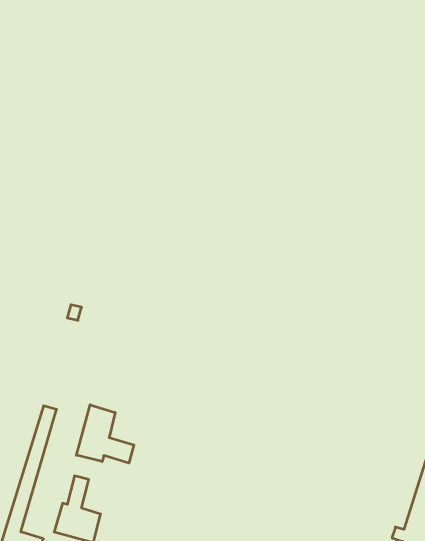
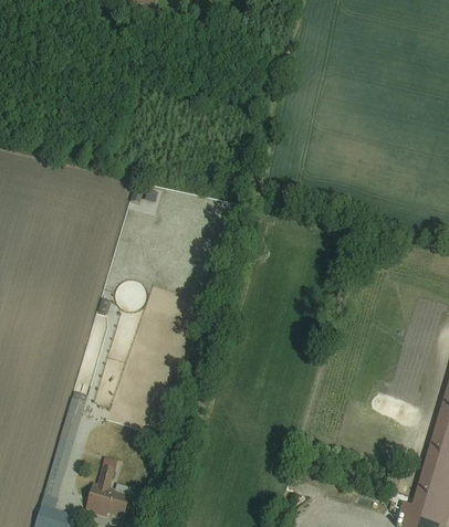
building: [76,405,134,463] -> none

